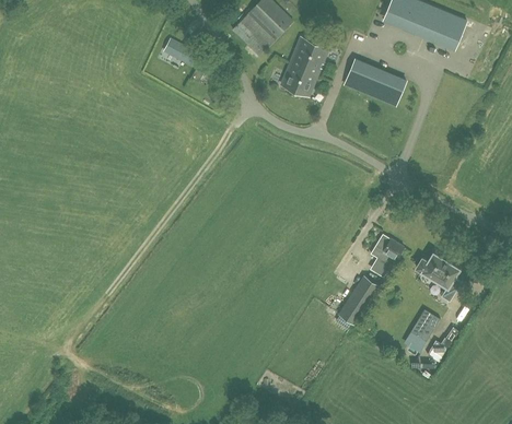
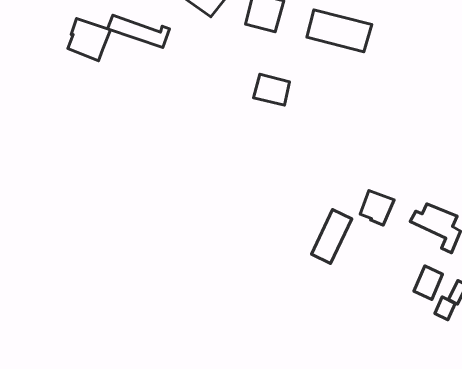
building: none -> [68,18,110,61]
building: [281,64,316,96] -> [254,74,290,105]
building: [338,275,380,325] -> [311,210,352,264]

